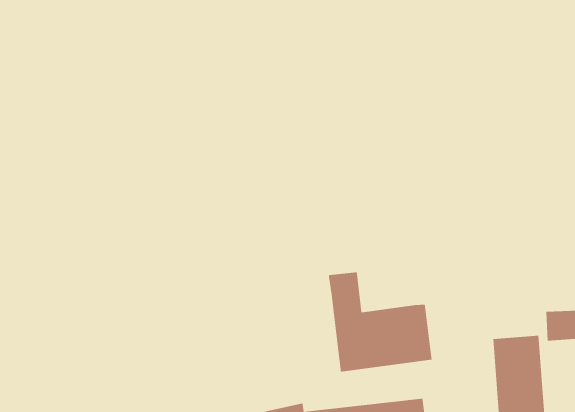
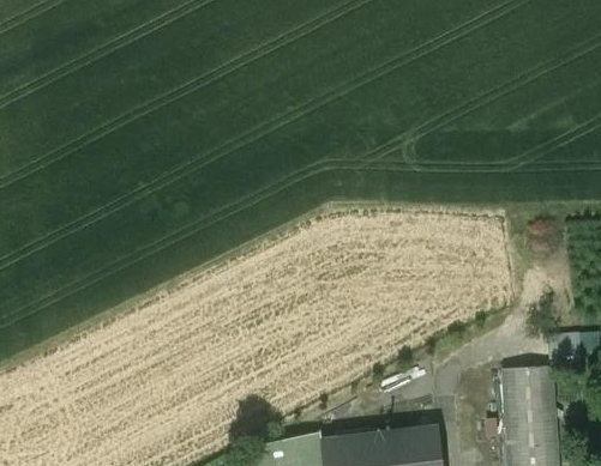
building: [328,271,432,372] -> none

